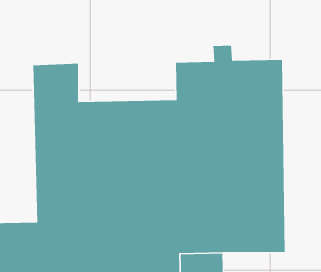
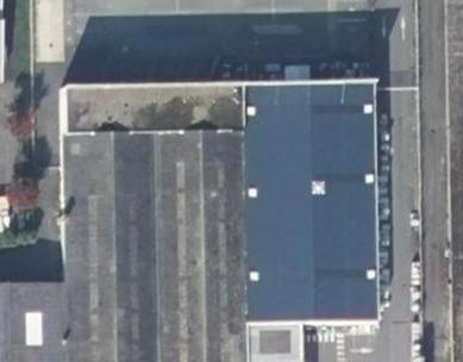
building: none -> [118,85,238,133]

